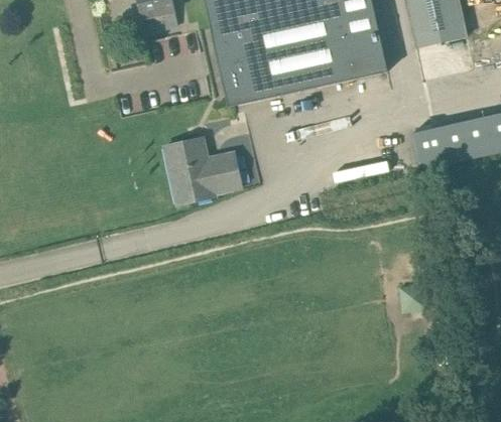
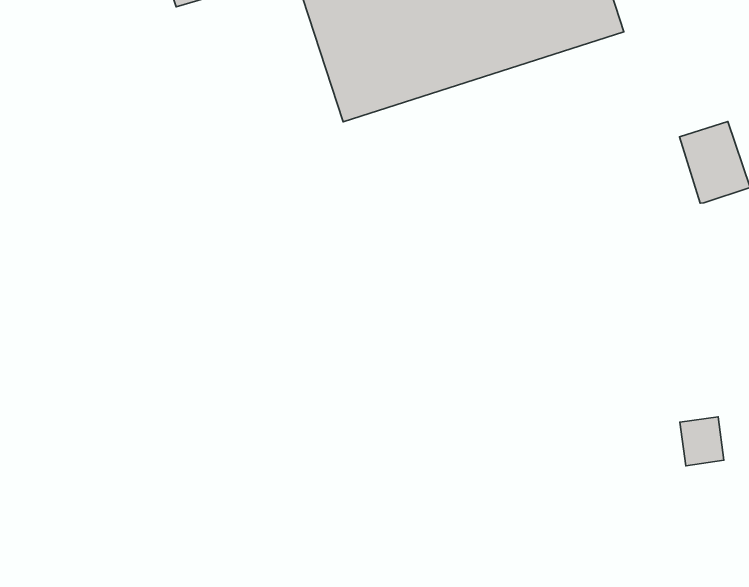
building: [164,135,241,202] -> none

